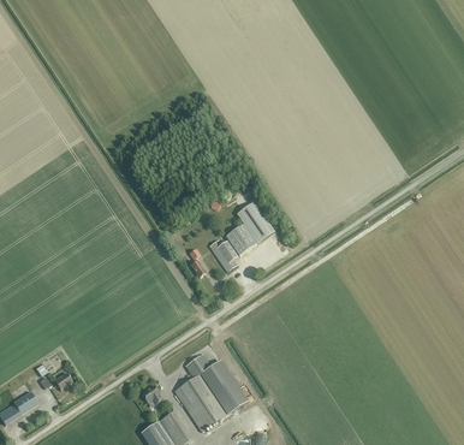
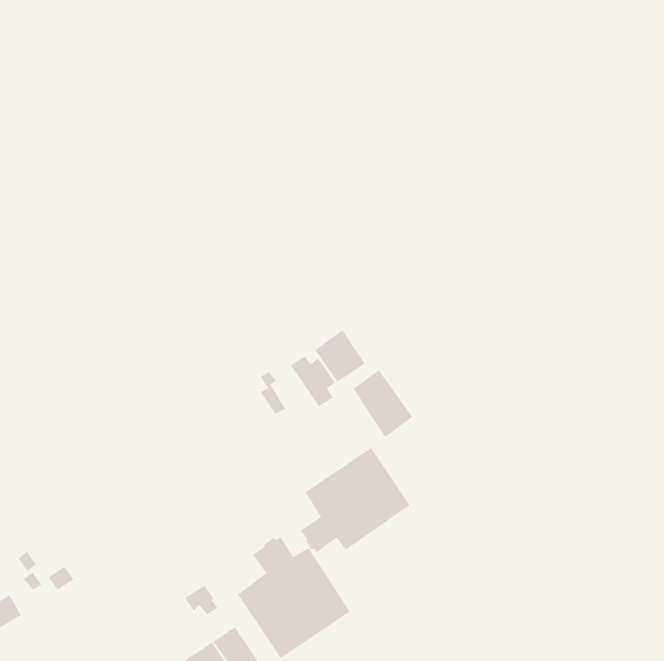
building: [236,201,274,244] -> [353,370,413,438]
building: none -> [300,447,410,553]

